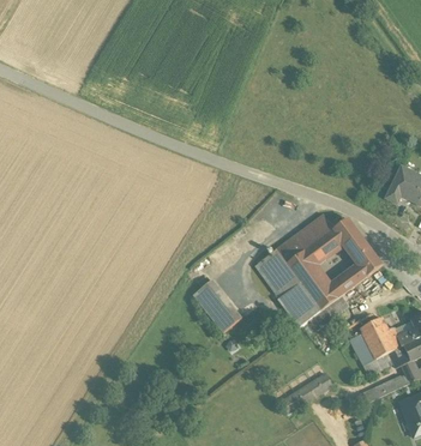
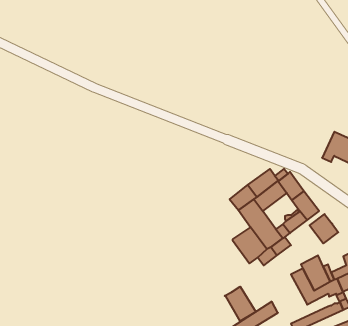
building: [254,249,300,297] -> none
building: none -> [310,214,338,243]
building: [192,279,241,331] -> none
building: none -> [225,287,256,321]

